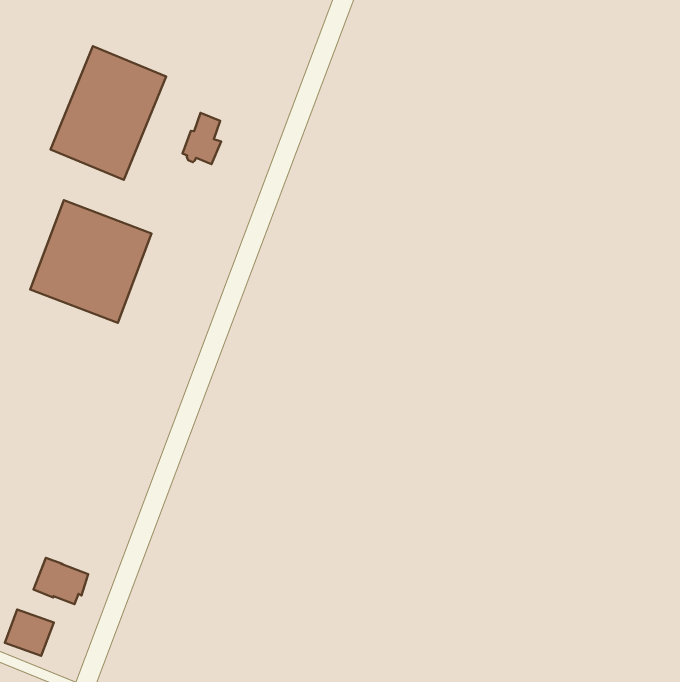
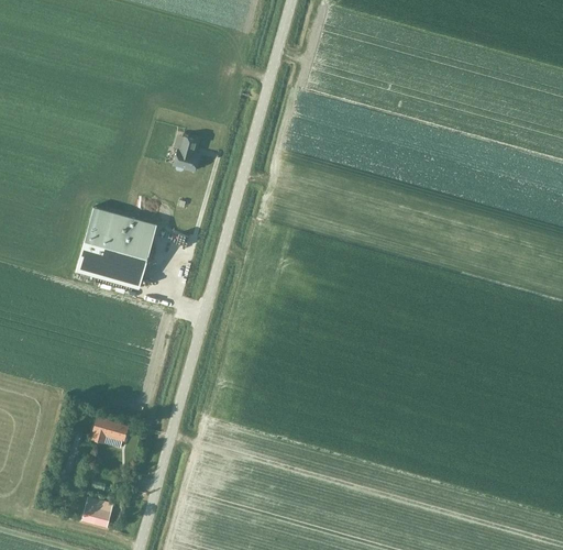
building: [50,46,166,180] -> none
building: [34,558,88,604] -> [91,416,129,447]

